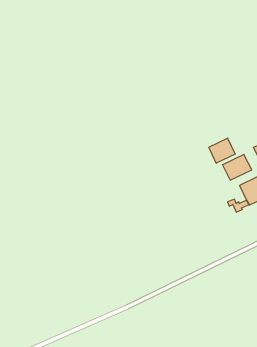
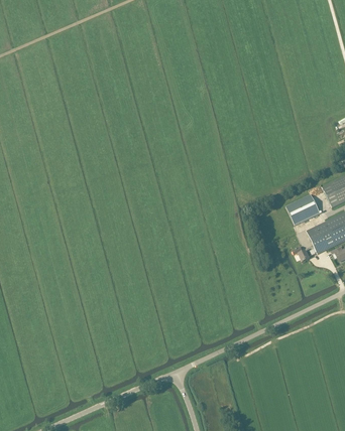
building: [209,138,235,163] -> none

